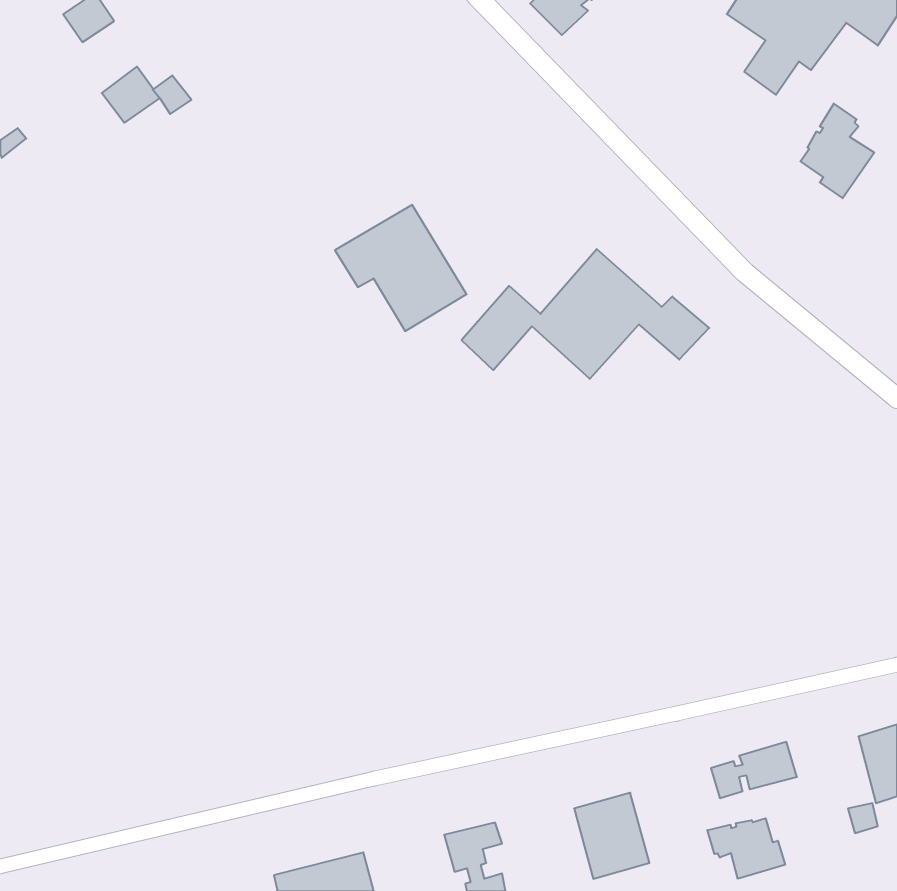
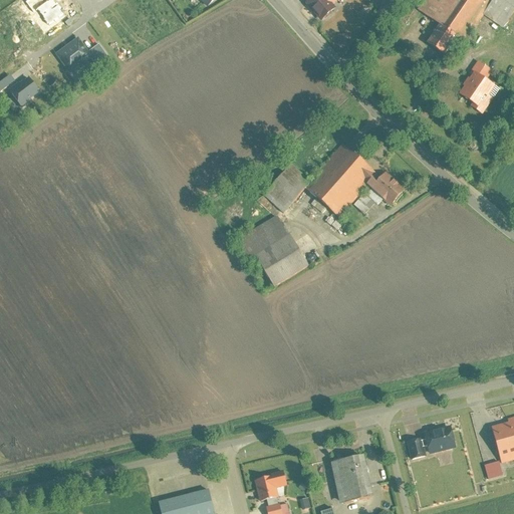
building: none -> [9,77,38,106]
building: [335,205,467,331] -> [233,214,308,286]
building: [707,818,785,879] -> none

